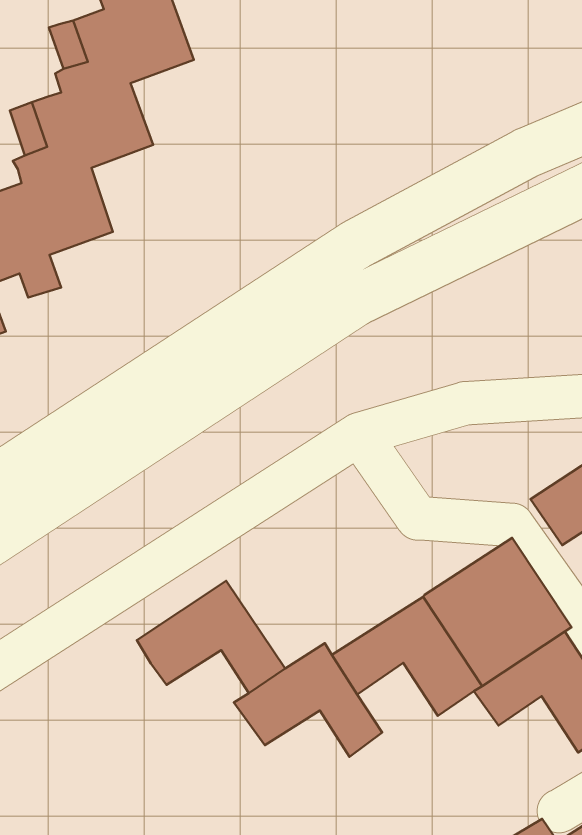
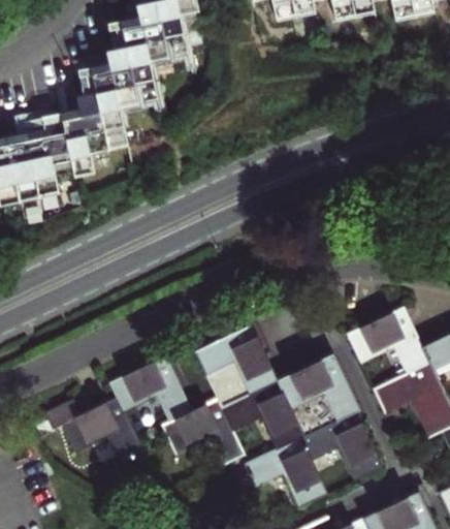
building: none -> [194,323,278,405]
building: none -> [44,396,142,462]
building: none -> [245,437,326,506]

